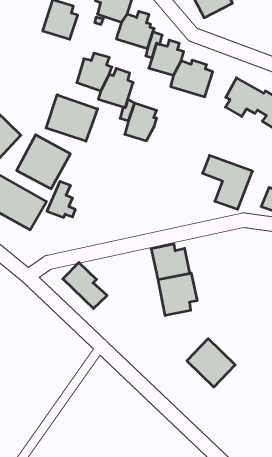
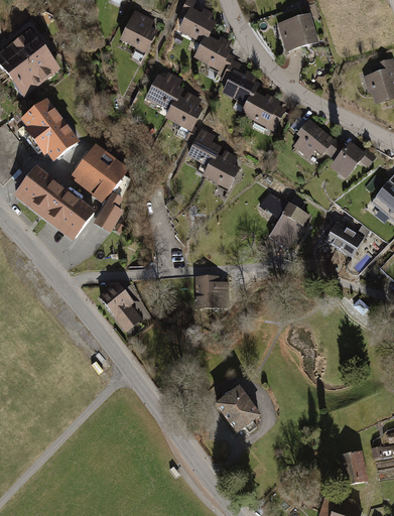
building: [46,95,98,141] -> none
building: none -> [202,149,241,191]
building: [158,273,197,316] -> none

